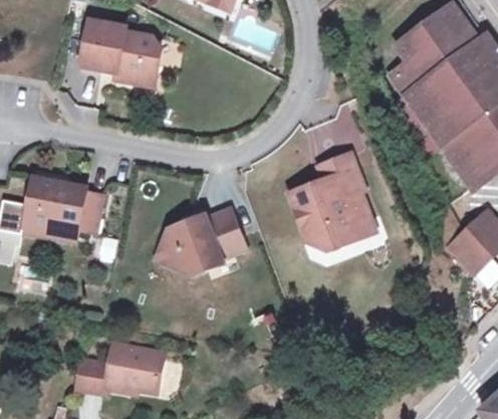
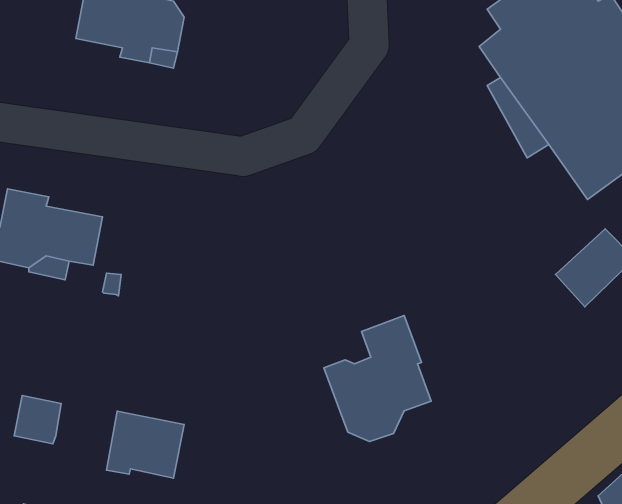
building: [298,160,379,254] -> [324,316,431,442]
building: [153,207,241,272] -> none
building: [77,359,112,395] -> [14,396,61,444]

